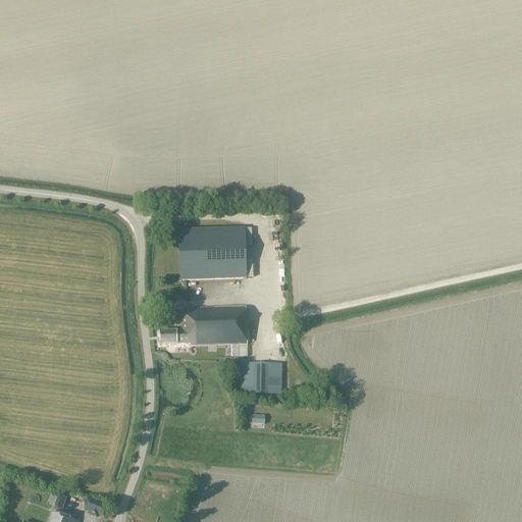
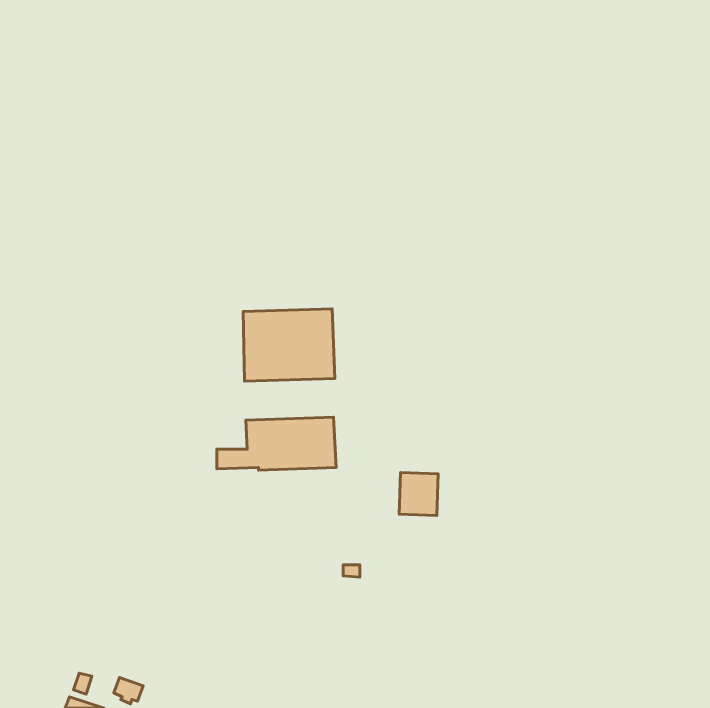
building: [252,362,280,394] -> [399,472,438,516]

